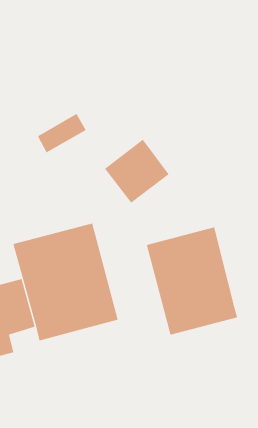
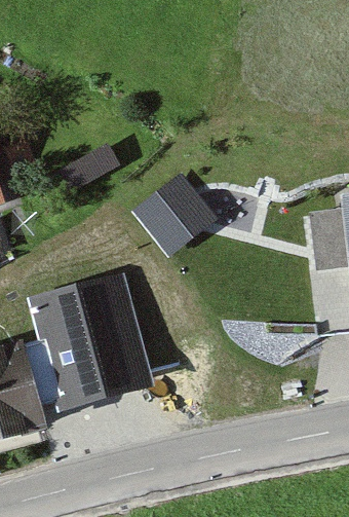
building: [146,226,238,336] -> none

